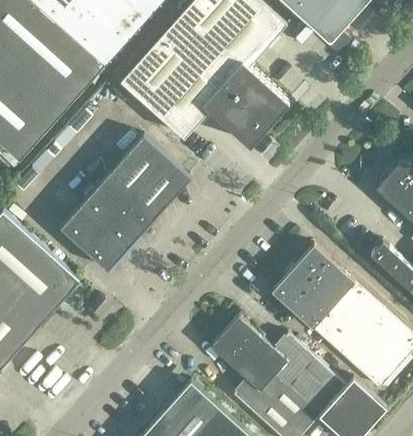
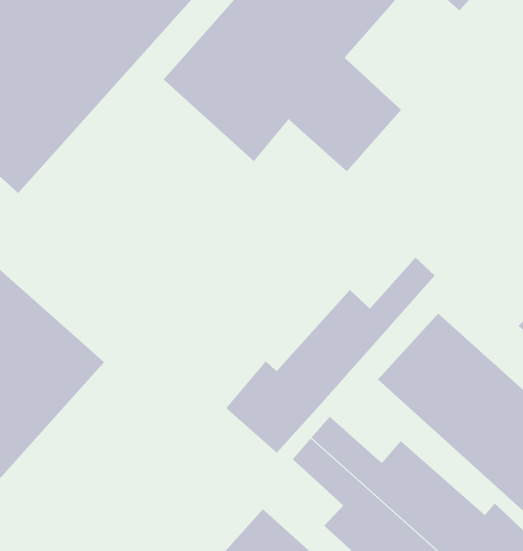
building: [59,135,189,271] -> none
building: none -> [226,257,436,454]

